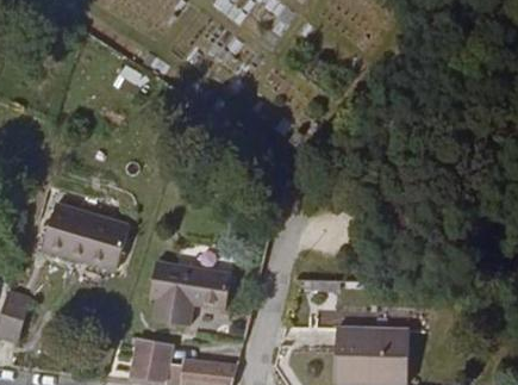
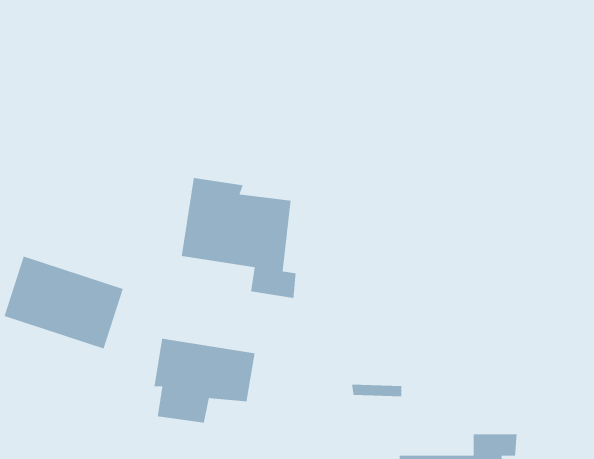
building: none -> [181,177,297,299]

